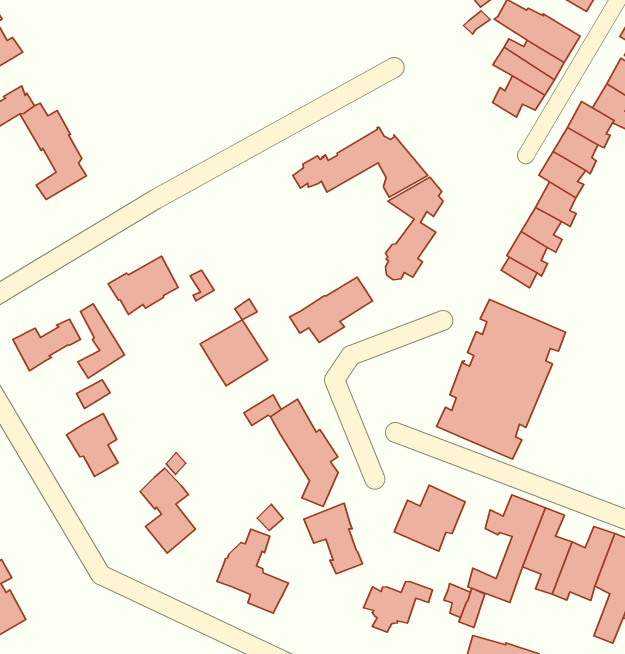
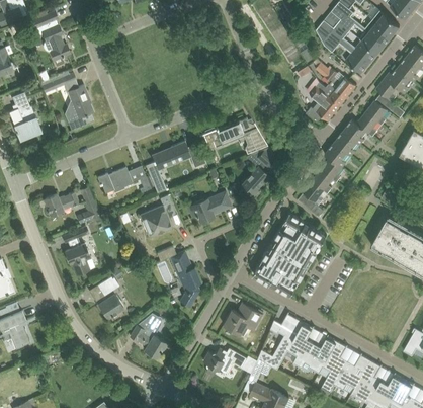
building: none -> [145,141,205,193]
building: [304,503,363,574] -> none

